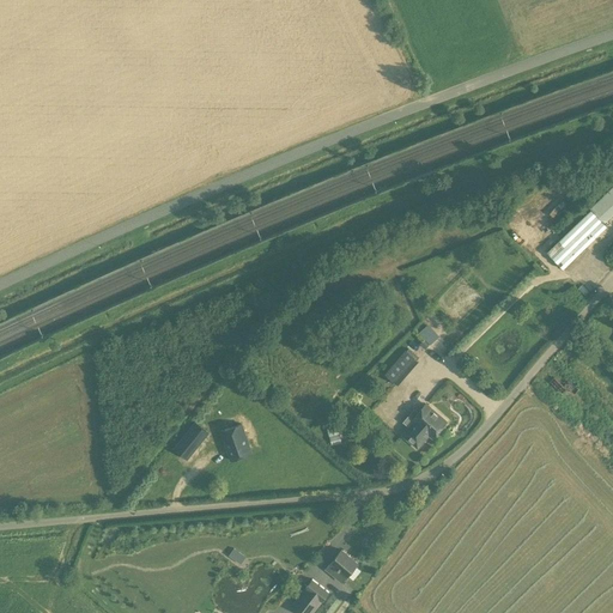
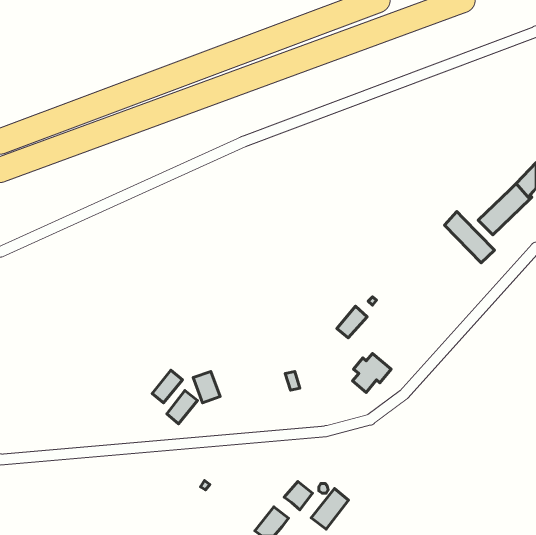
building: none -> [445,212,495,263]
building: none -> [167,391,198,424]
building: none -> [311,488,348,529]

